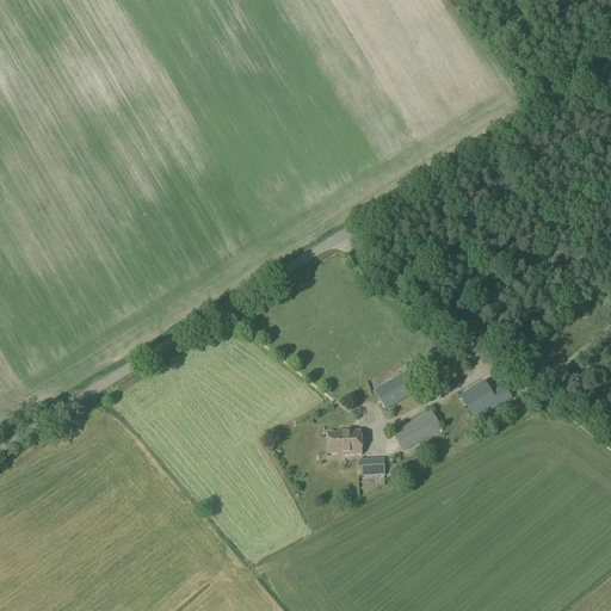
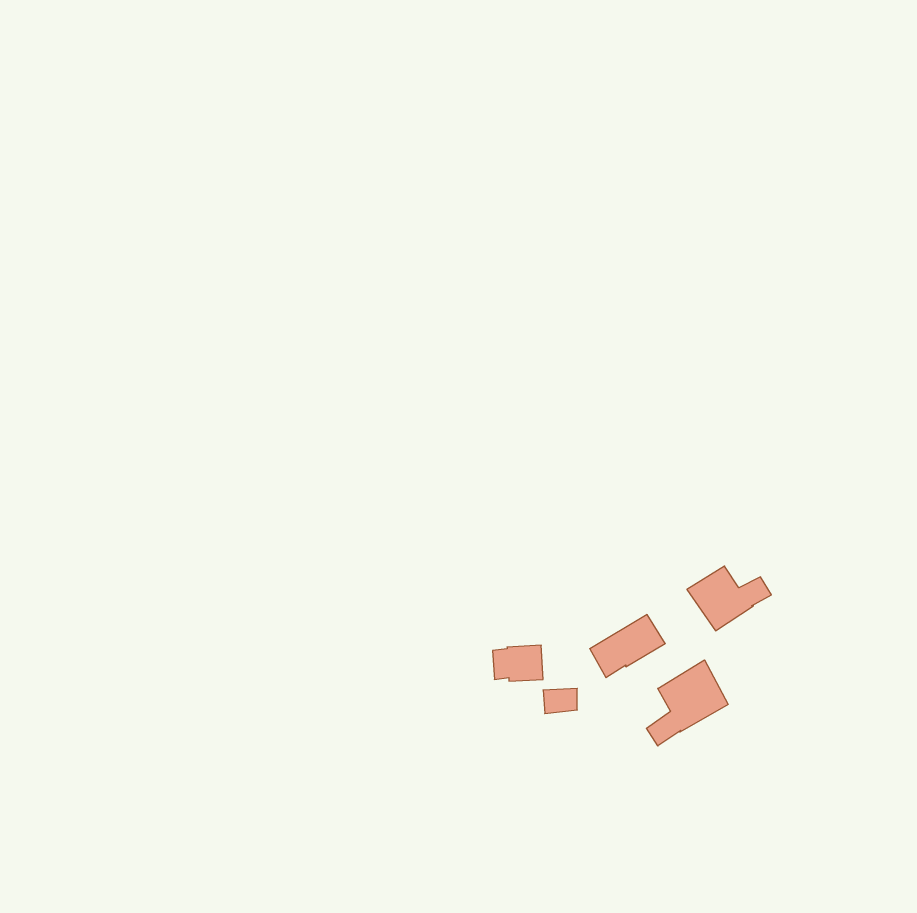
building: [374,369,416,408] -> none
building: none -> [646,660,728,746]

